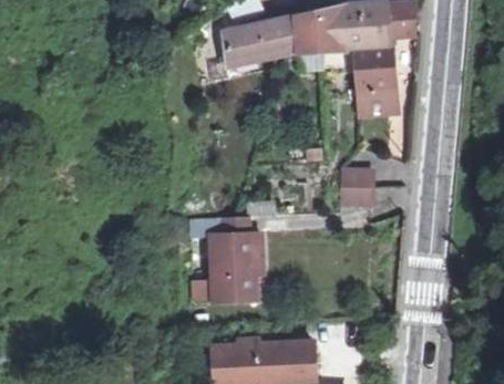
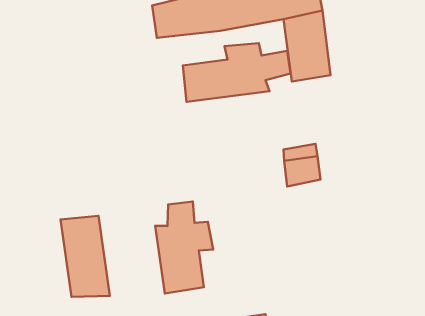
building: none -> [183,43,291,102]
building: none -> [60,216,110,297]

